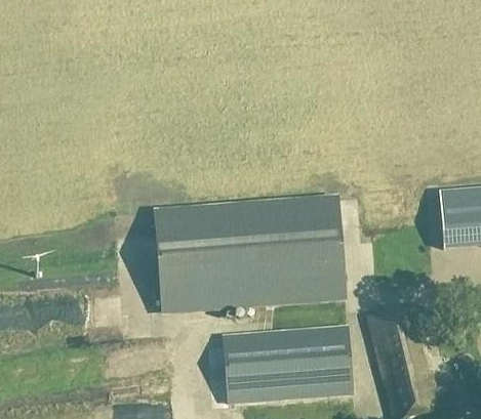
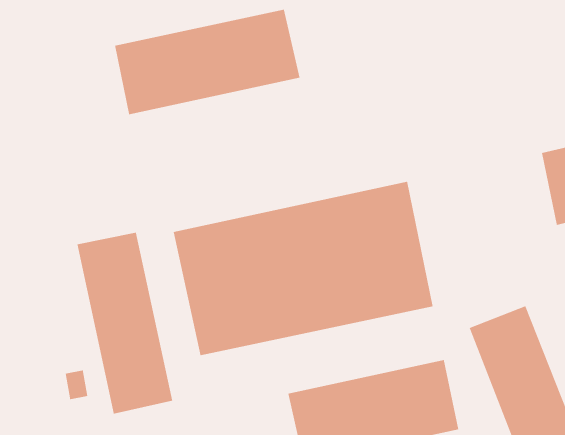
building: none -> [114,9,300,115]
building: none -> [77,232,173,415]

